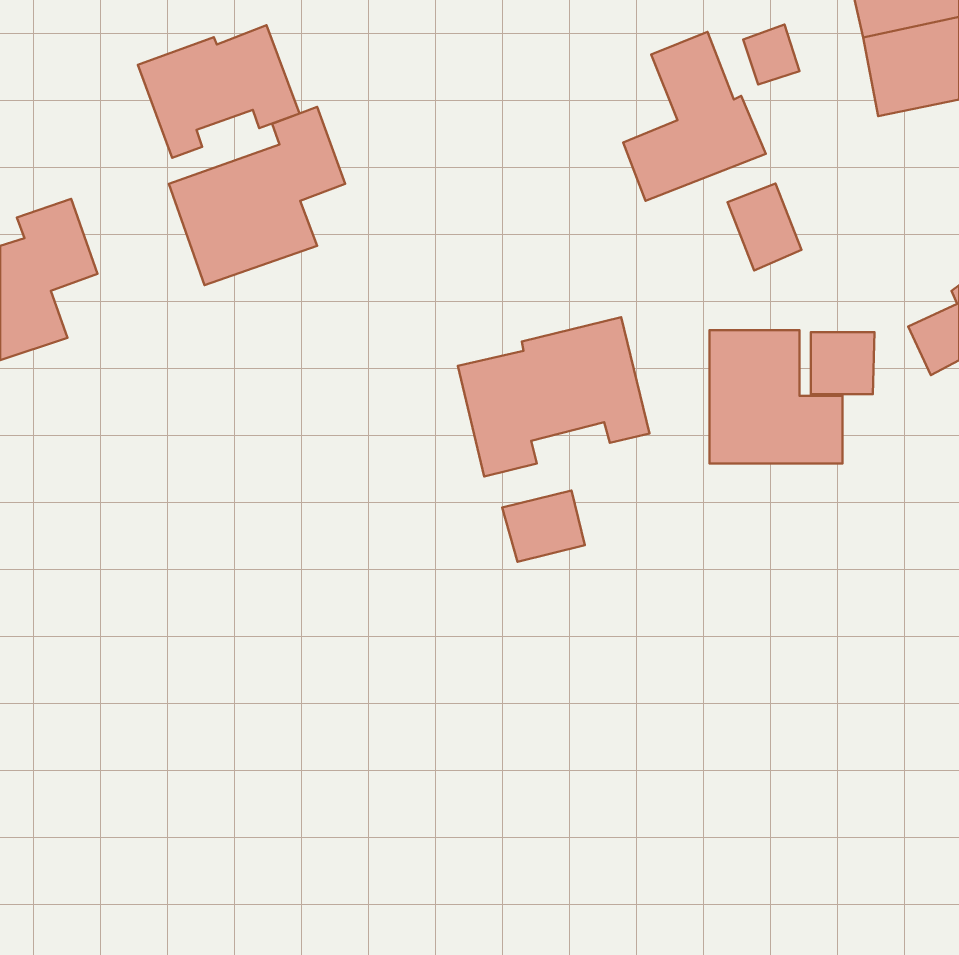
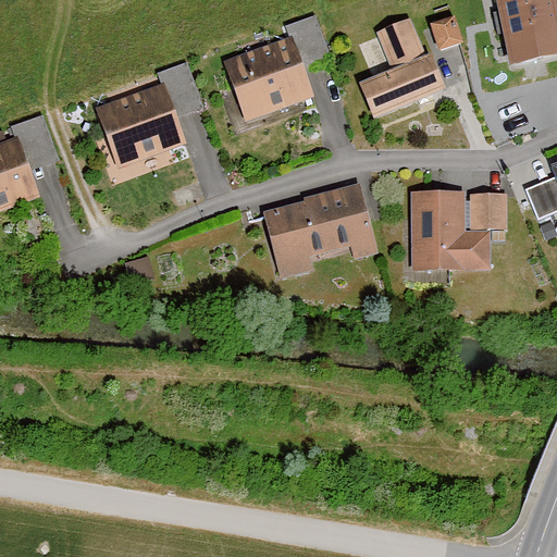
building: [138,25,300,158] -> none
building: none -> [222,15,330,121]
building: [727,183,801,270] -> none
building: [502,490,585,562] -> none

